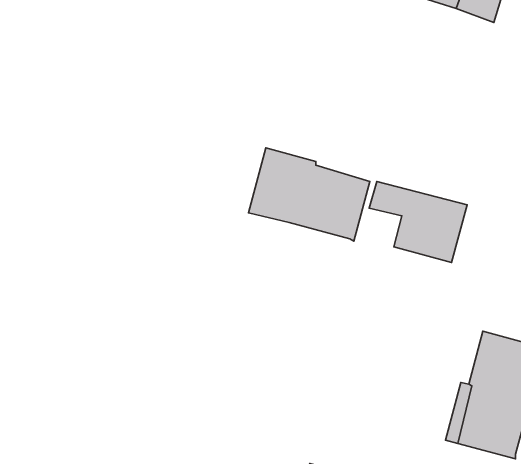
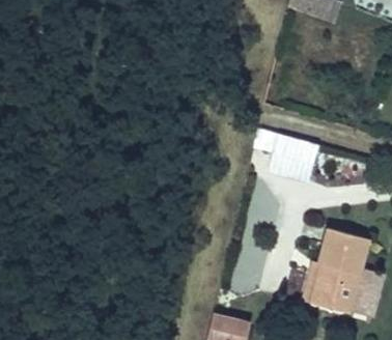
building: [249,148,370,241] -> none

